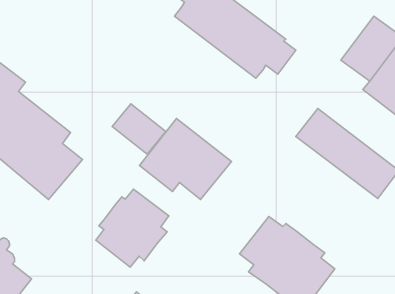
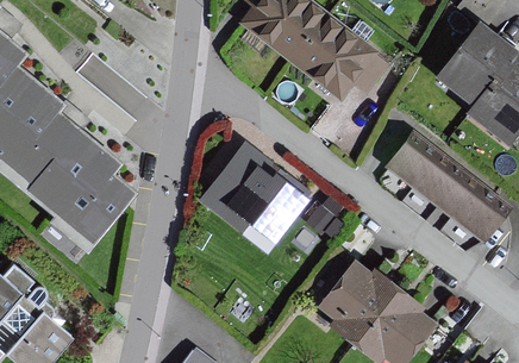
building: [112,104,166,154] -> none
building: [96,189,169,267] -> none

